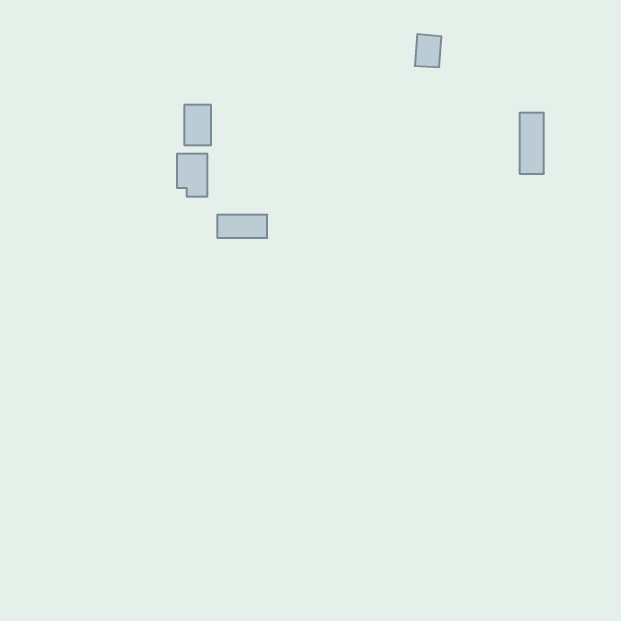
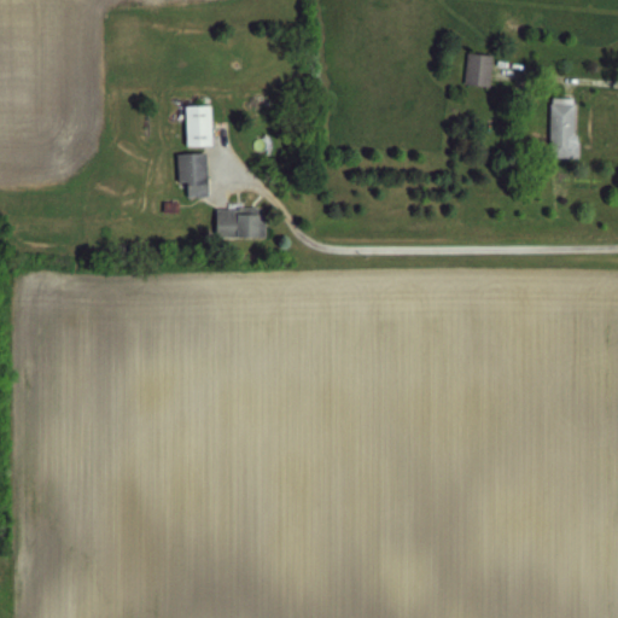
building: [415,34,442,67] -> [466,53,492,86]
building: [520,113,544,174] -> [552,98,576,158]

